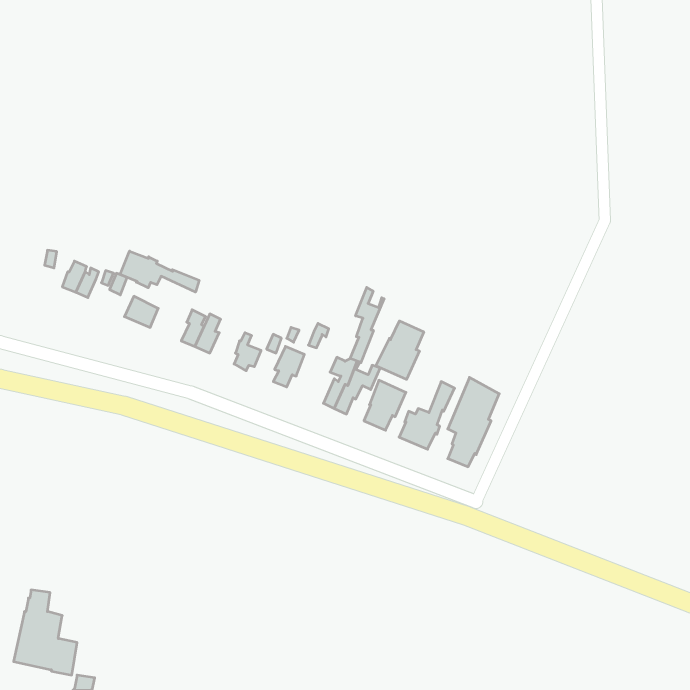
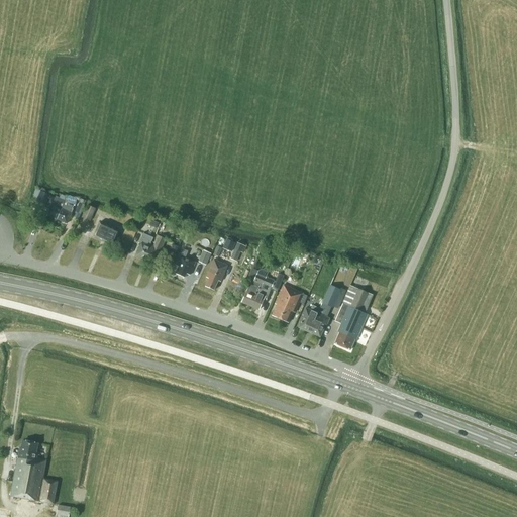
building: [120,251,199,292] -> none
building: [350,287,384,363] -> none
building: [376,321,424,379] -> none

